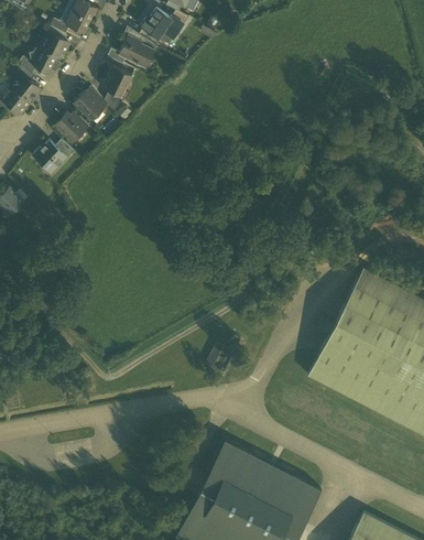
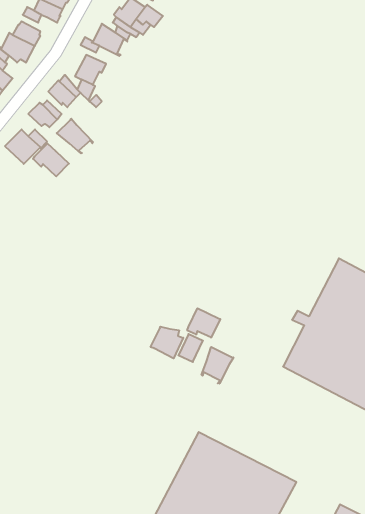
building: none -> [57,119,93,153]
building: none -> [33,143,69,176]
building: none -> [187,308,220,338]
building: none -> [151,327,183,358]
building: none -> [202,347,233,384]

